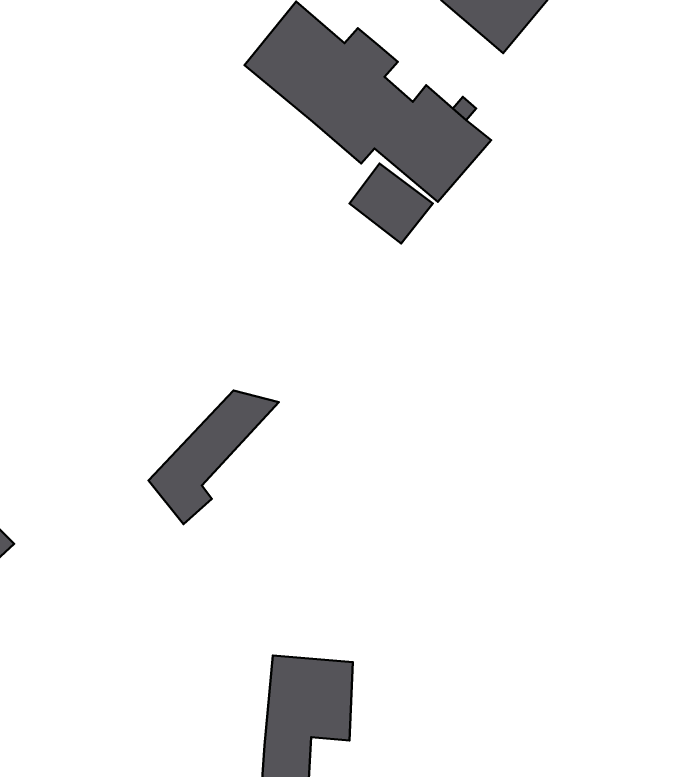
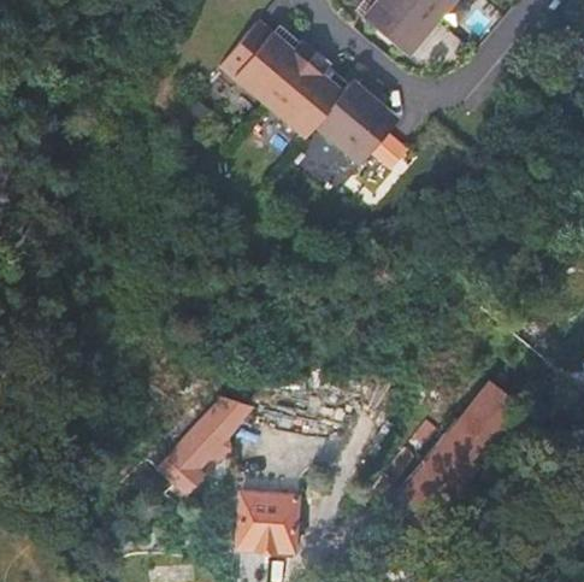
building: [149,391,279,524] -> [158,399,252,495]
building: none -> [394,383,520,530]

